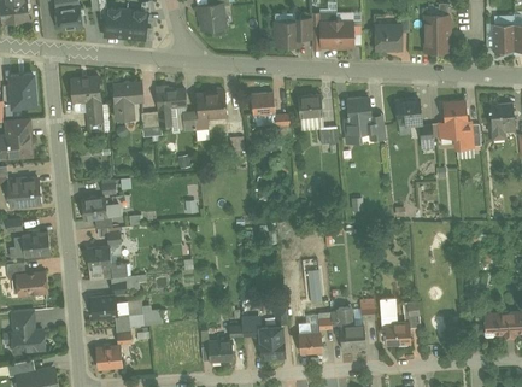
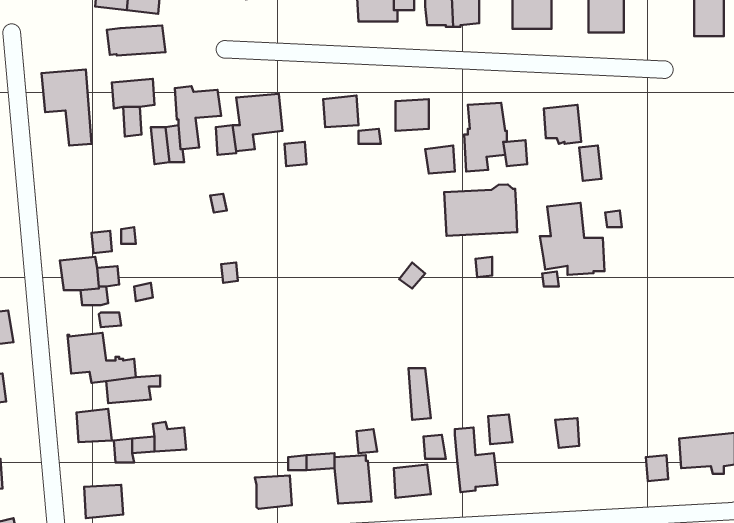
building: none -> [107,26,165,56]
building: [438,101,480,148] -> [540,203,605,275]
building: [488,104,514,137] -> none
building: none -> [444,184,517,236]
building: [380,300,410,347] -> none

